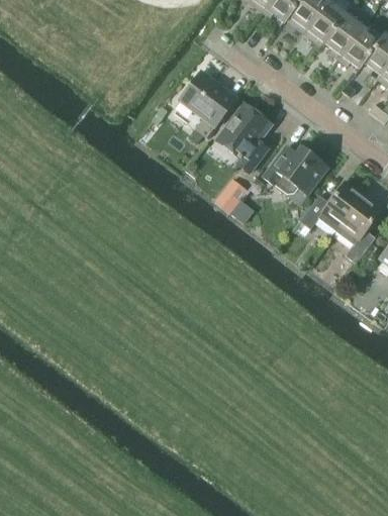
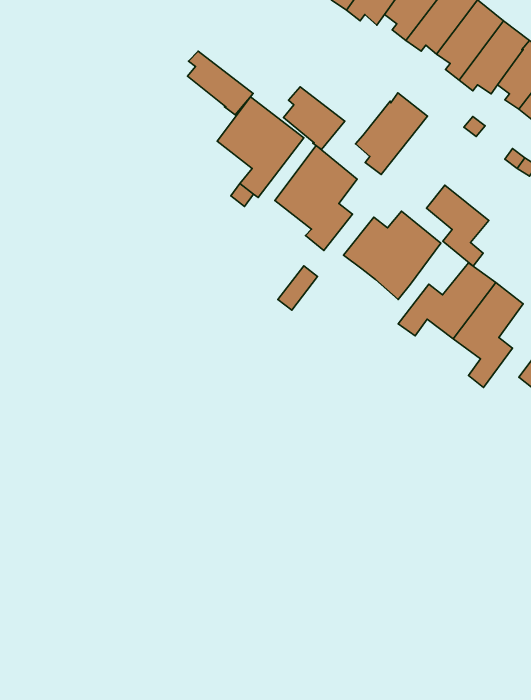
building: none -> [187,51,253,115]
building: none -> [284,87,345,150]
building: none -> [356,93,428,175]
building: none -> [427,185,489,266]

